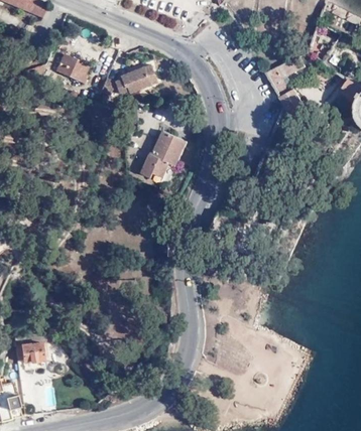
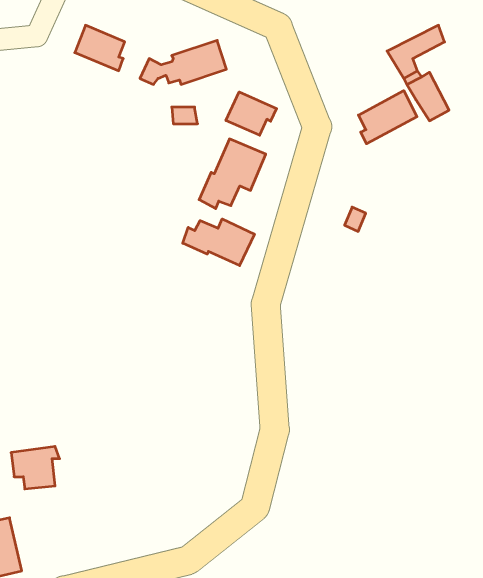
building: none -> [358,91,417,144]
building: none -> [226,92,277,135]
building: none -> [183,219,254,266]

